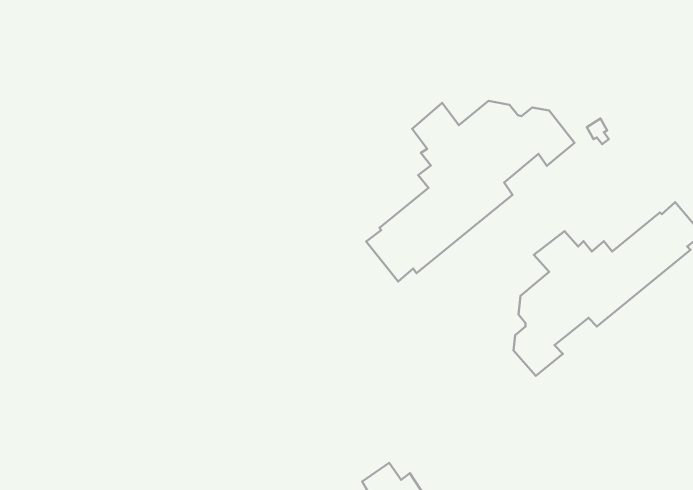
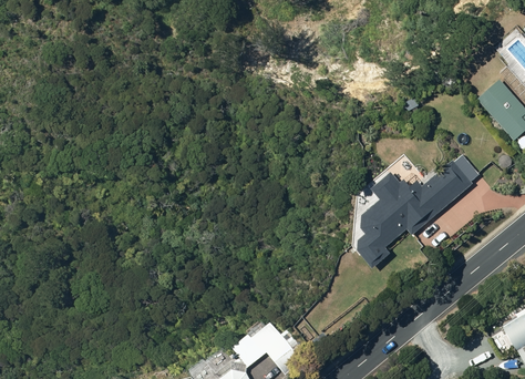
building: [366,101,575,282] -> none

